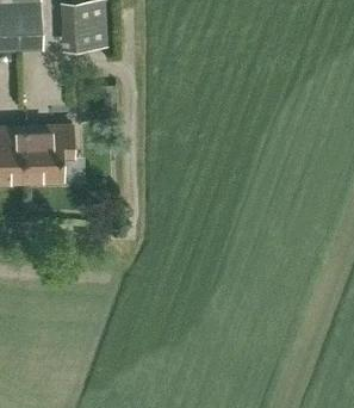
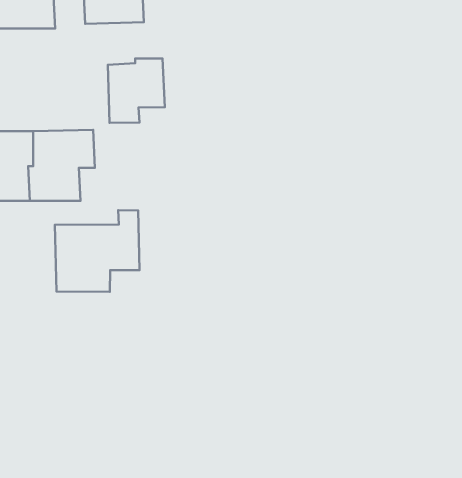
building: none -> [108,58,165,123]
building: none -> [55,210,139,292]

